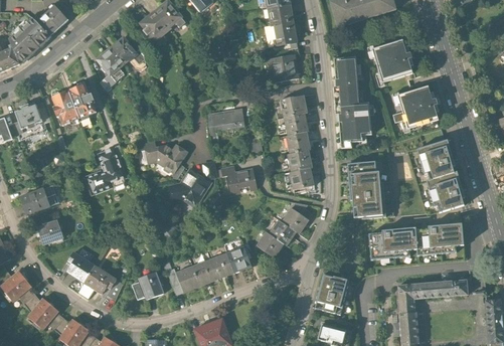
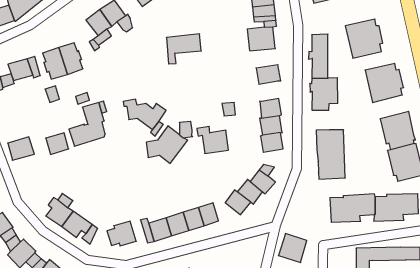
building: [207,108,245,142] -> [166,34,201,64]
building: [285,112,309,135] -> none
building: [38,220,63,244] -> [46,133,69,154]

